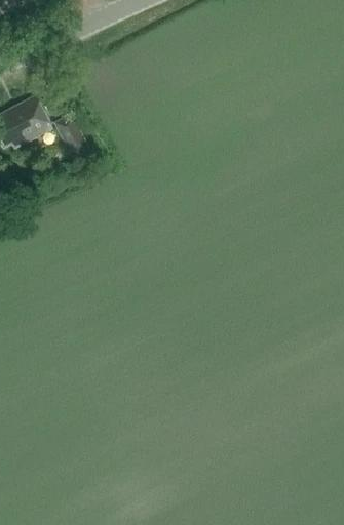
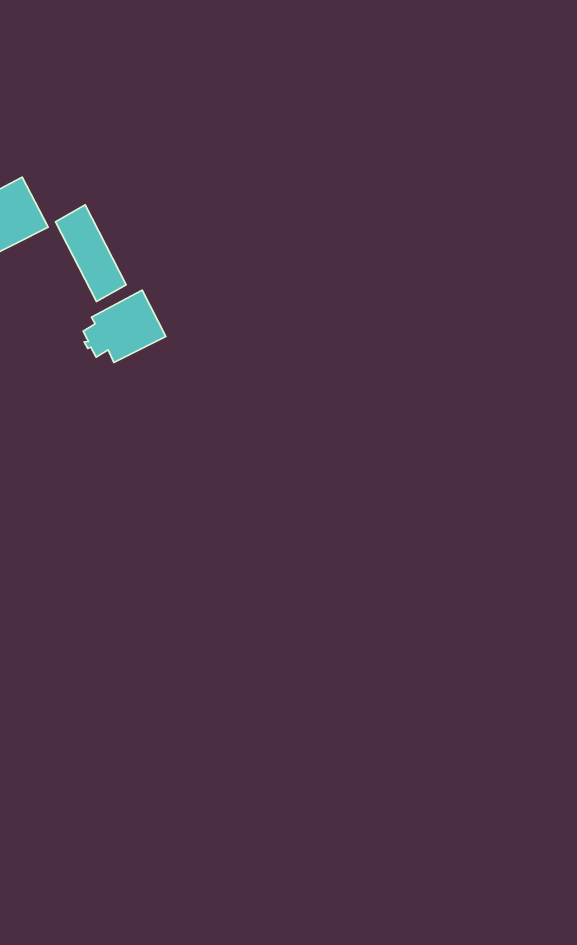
building: none -> [83,290,166,362]

